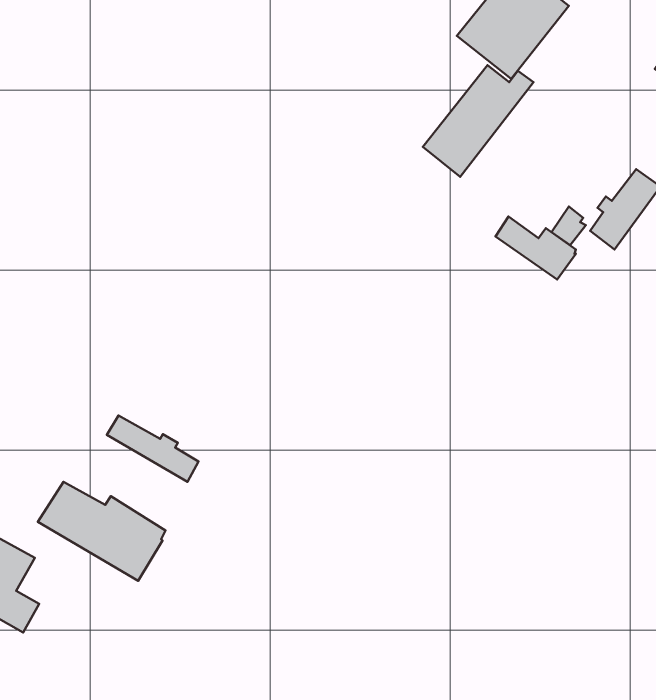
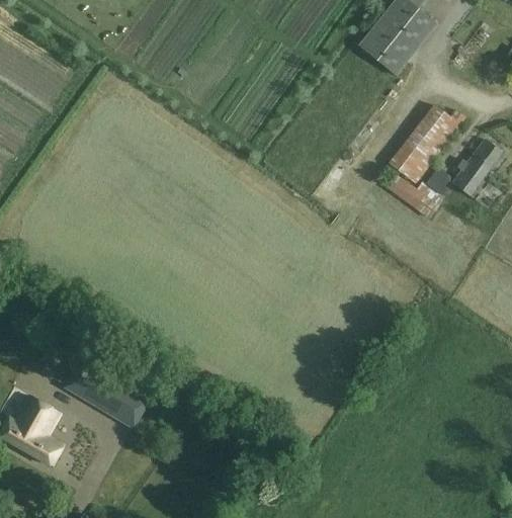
building: [423,65,533,177] -> [389,103,466,182]
building: [107,416,198,482] -> none

